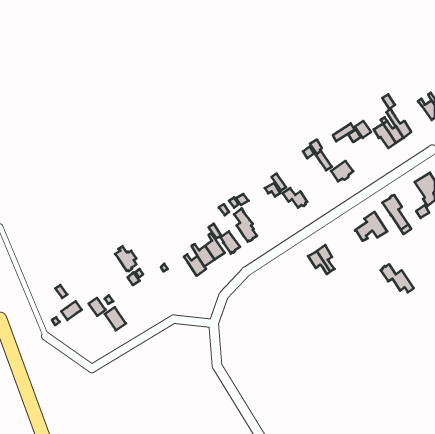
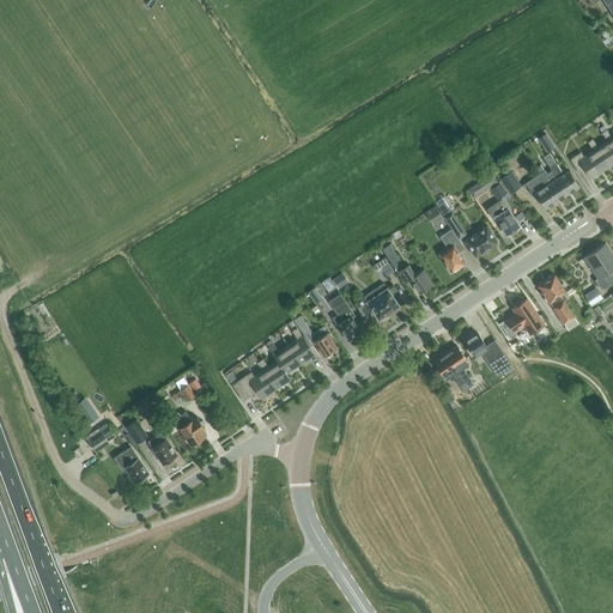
building: none -> [570,151,607,181]
building: none -> [486,201,520,236]
building: none -> [441,230,465,272]
building: none -> [354,284,399,322]
building: [115,246,136,271] -> [175,412,205,447]
building: none -> [232,371,277,399]
building: [381,264,414,292] -> [465,333,511,372]
building: none -> [115,448,148,484]

